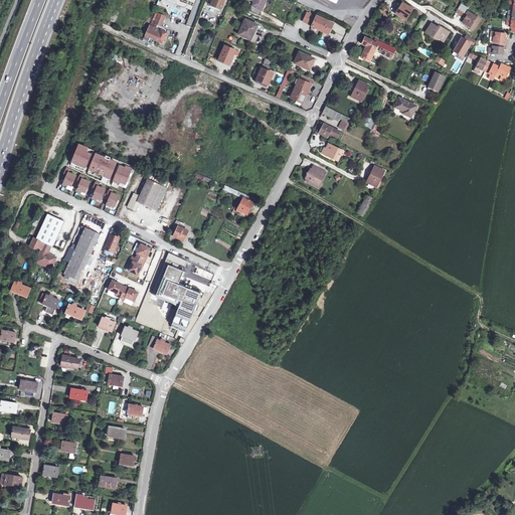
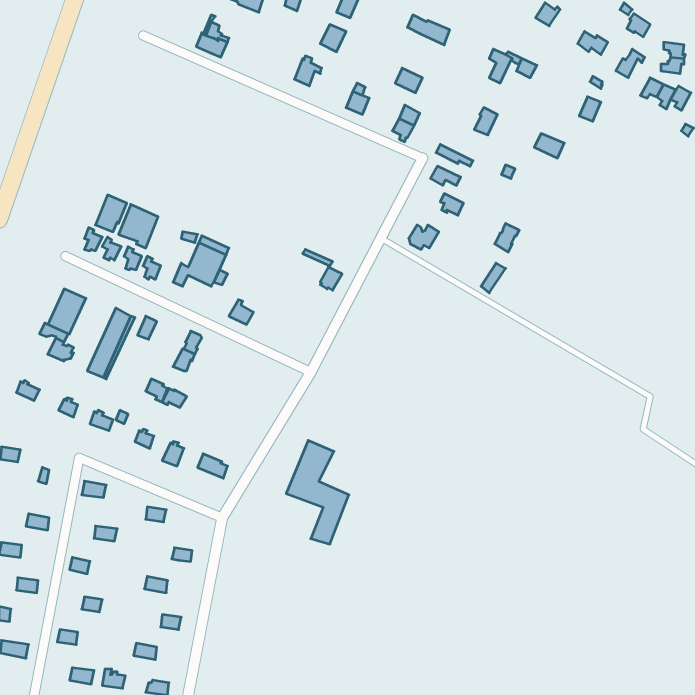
building: [112,161,135,188] -> none
building: [152,253,198,330] -> [286,440,349,544]

